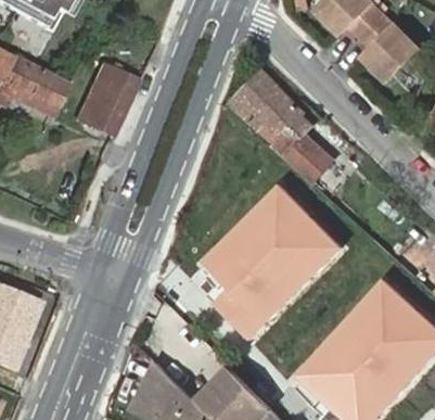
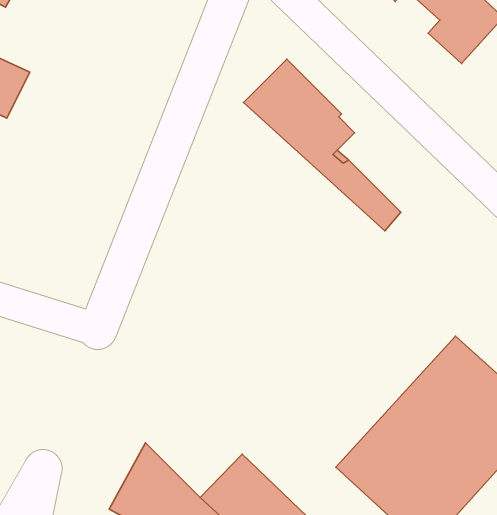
building: [75,63,135,135] -> none
building: [201,181,344,340] -> none

